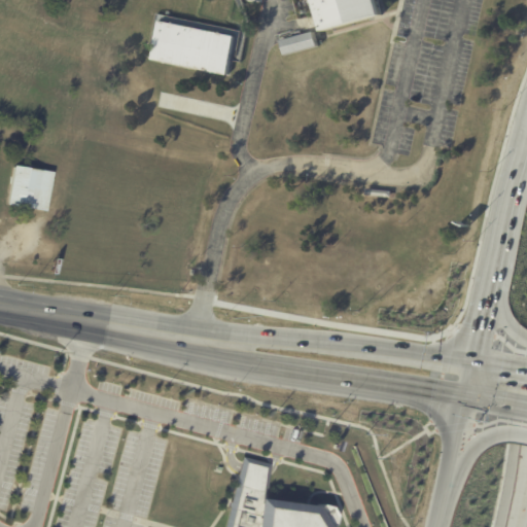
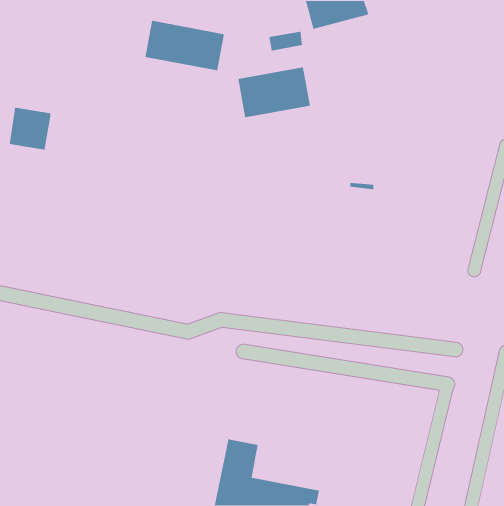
building: none -> [237,66,311,118]
building: [8,166,52,211] -> [9,107,51,150]

